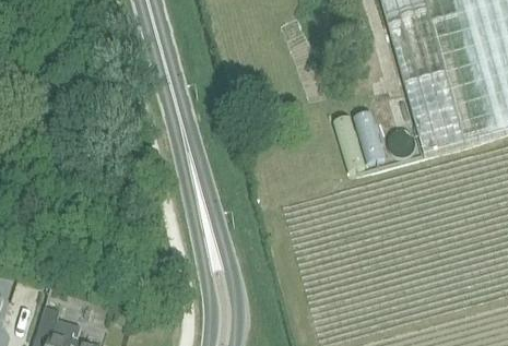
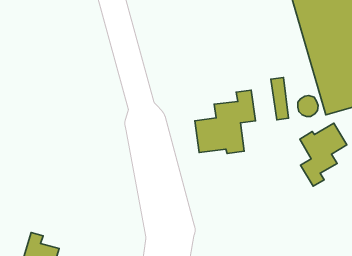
building: none -> [195,90,255,154]
building: none -> [300,123,347,186]

